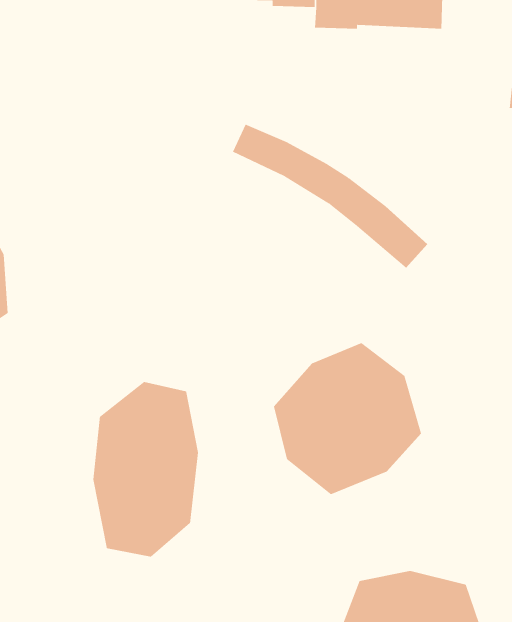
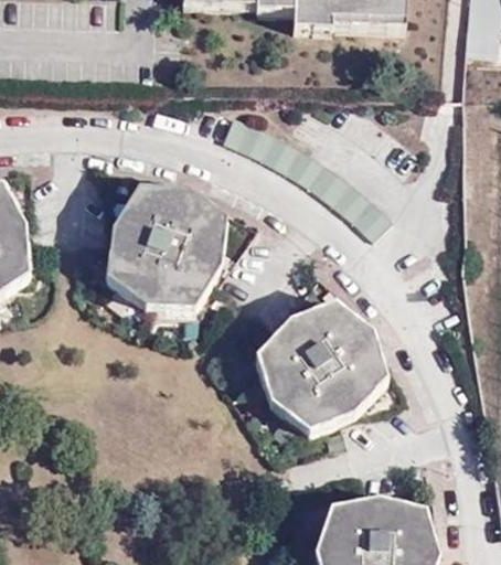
building: none -> [106,185,225,308]
building: [93,381,199,557] -> none

